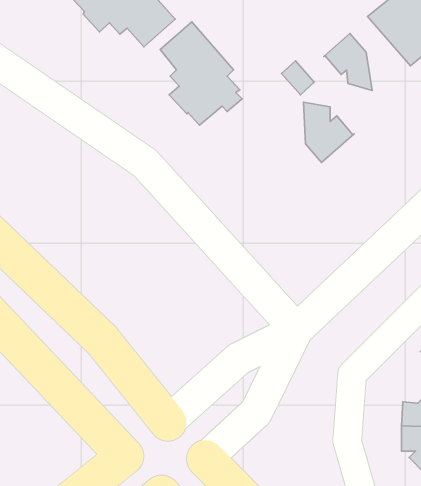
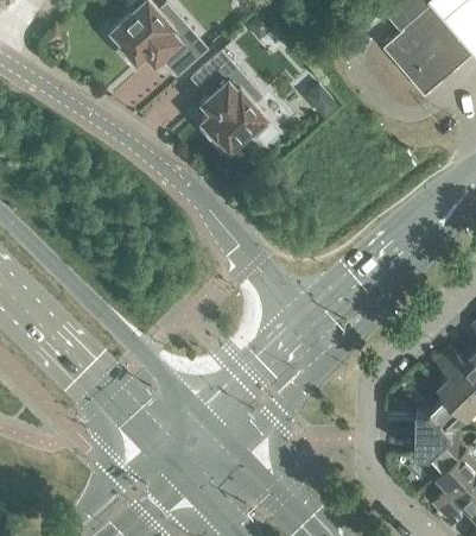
building: [324,33,372,91] -> none
building: [304,102,354,163] -> none

